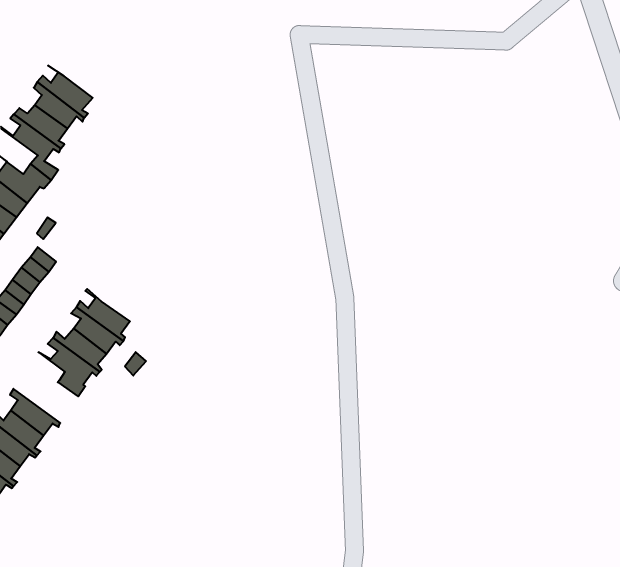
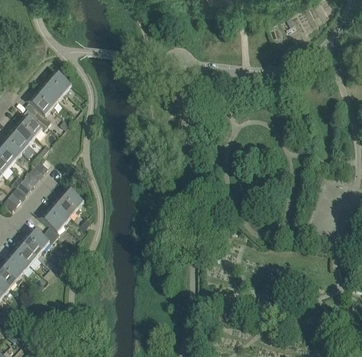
building: none -> [20,222,53,255]

